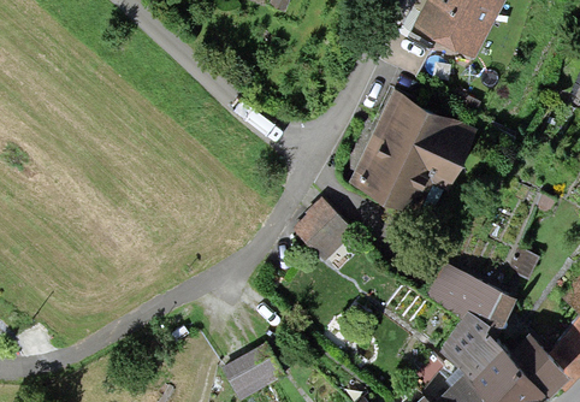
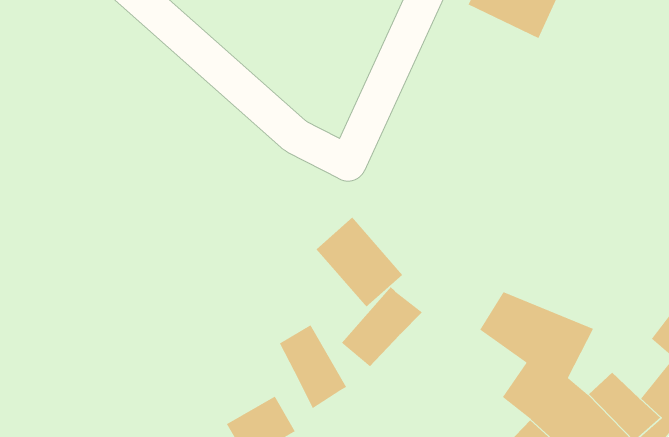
building: [354,91,475,211] -> none
building: none -> [341,286,423,367]
building: none -> [279,324,347,409]

